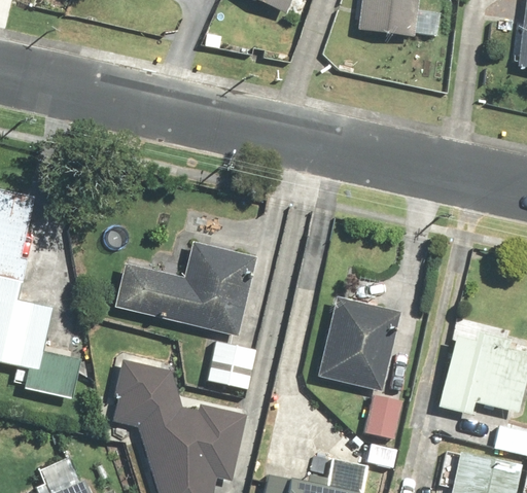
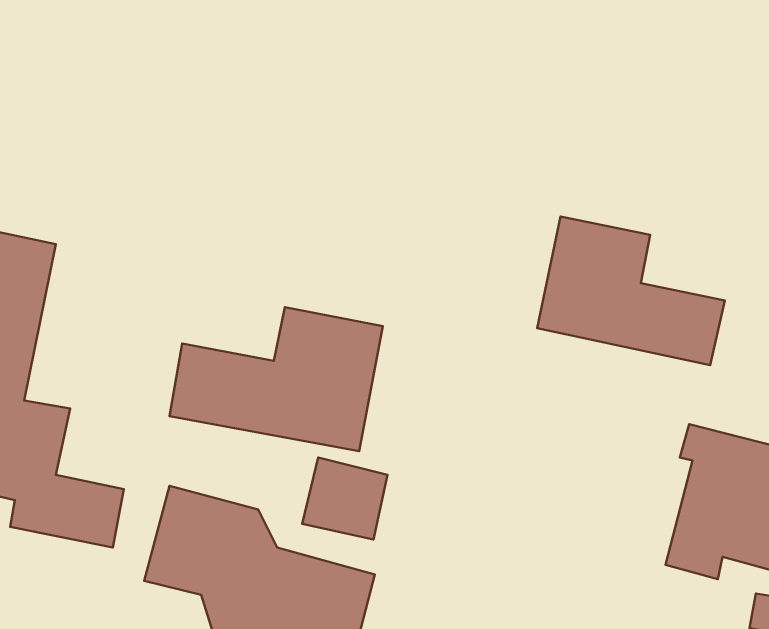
building: none -> [537,216,725,365]
building: [316,293,408,441] -> none

